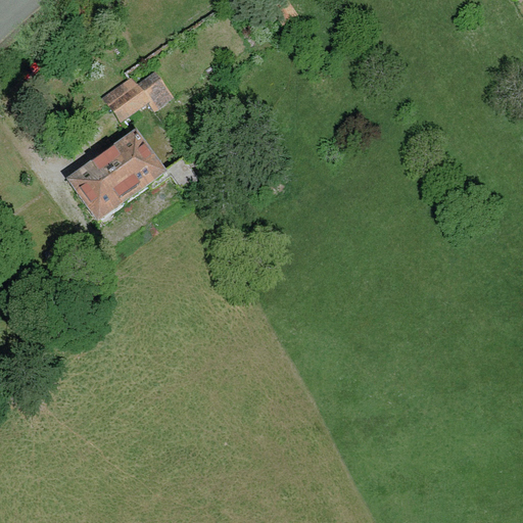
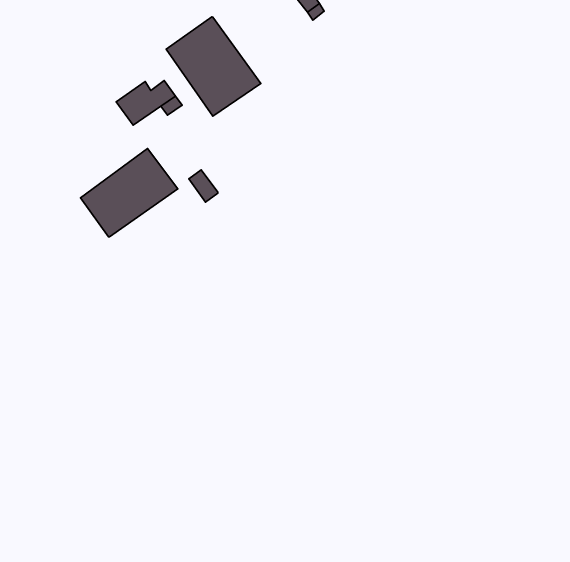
building: none -> [166,17,261,116]

